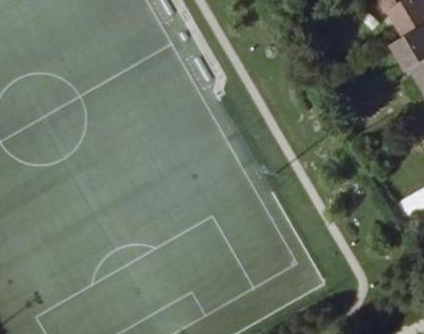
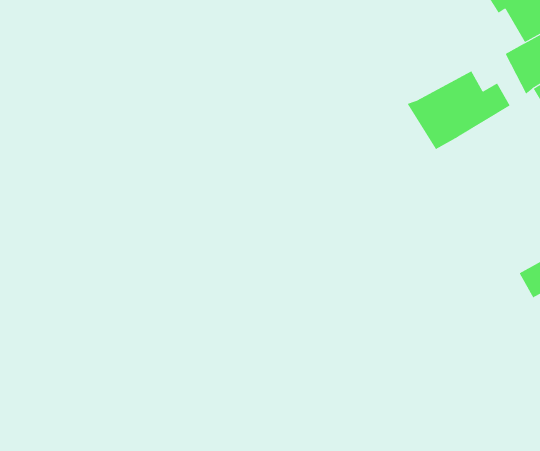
building: none -> [407,71,511,150]

